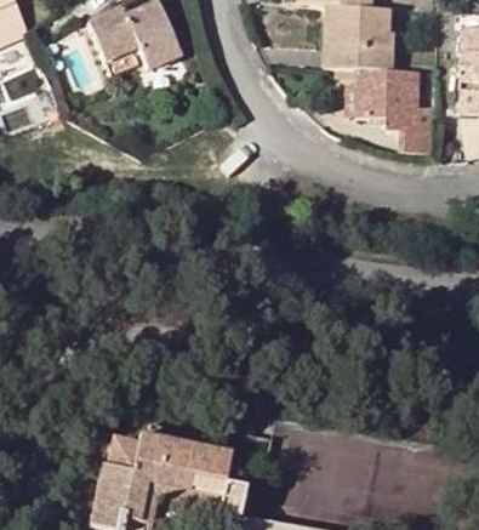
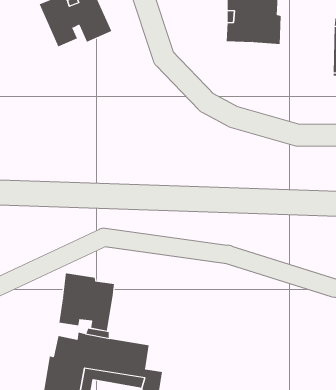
building: [355,67,434,129] -> none
building: none -> [59,272,115,331]

